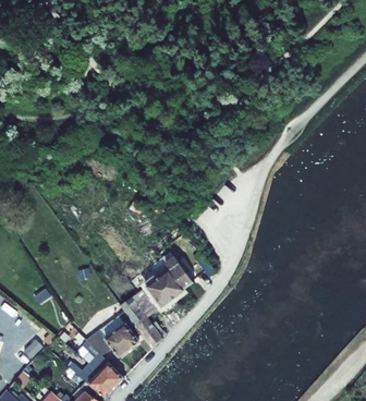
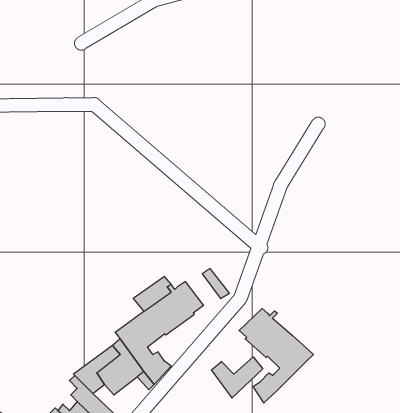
building: none -> [239,309,313,403]
building: none -> [212,357,263,398]

